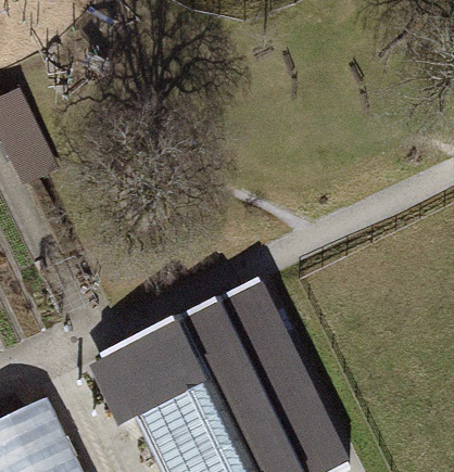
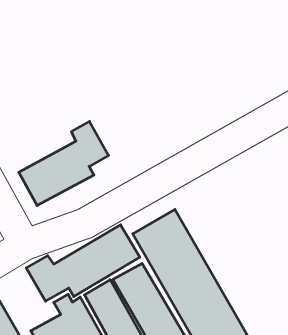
building: none -> [19,121,109,206]

